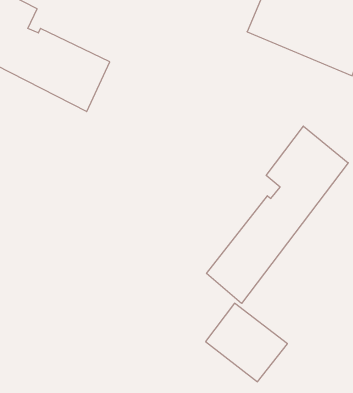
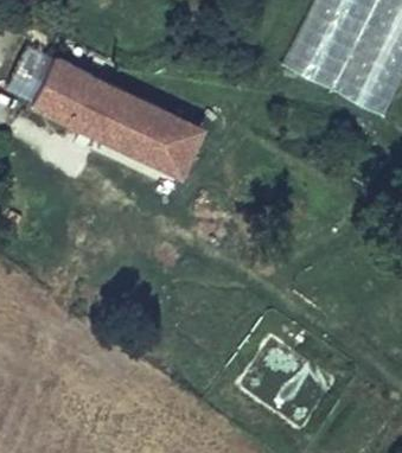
building: none -> [123,102,203,179]
building: [207,126,348,303] -> none

